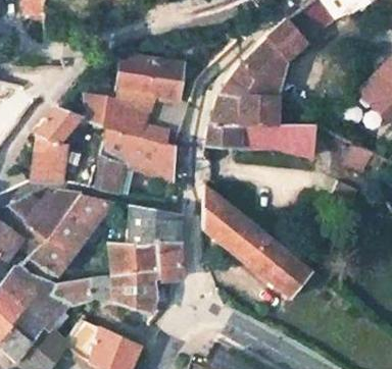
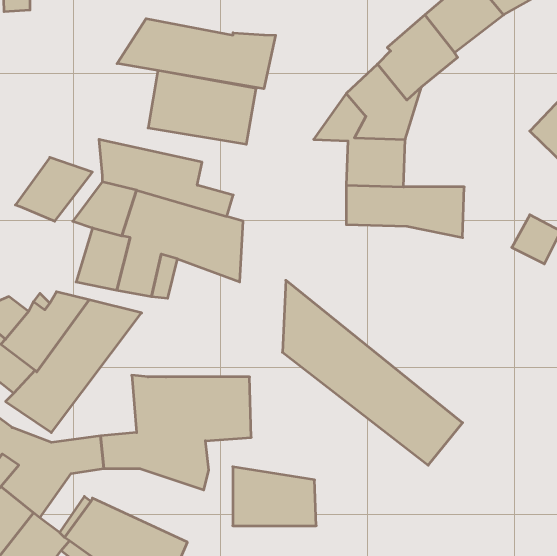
building: none -> [117,19,276,89]
building: [204,95,241,148] -> none
building: [32,137,64,183] -> none
building: [128,206,180,243] -> [233,467,316,526]

